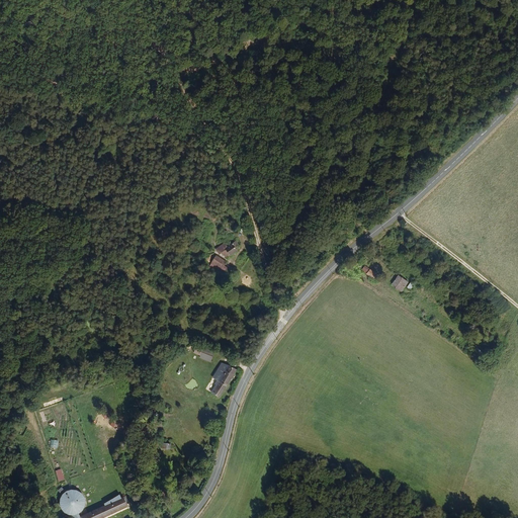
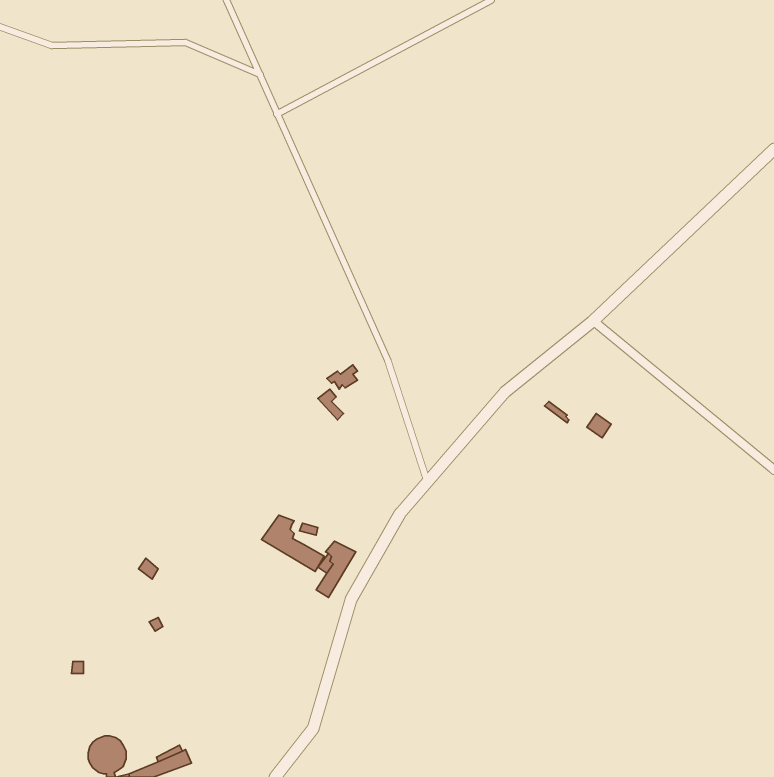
building: none -> [262,515,324,572]

